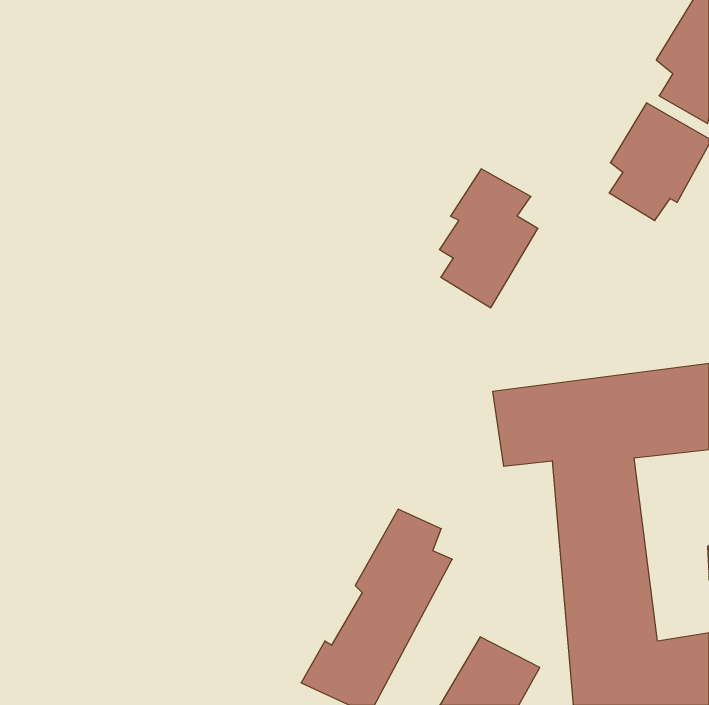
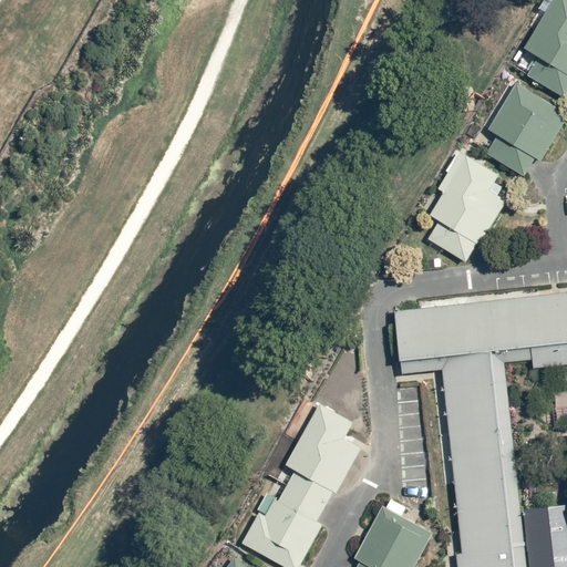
building: [439,169,538,308] -> [427,153,506,264]

